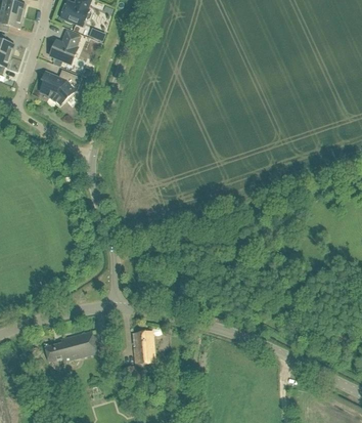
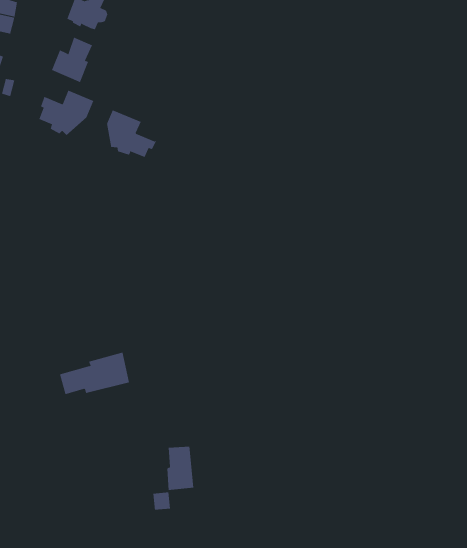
building: none -> [107,109,157,158]
building: [43,331,95,363] -> [59,352,130,395]

